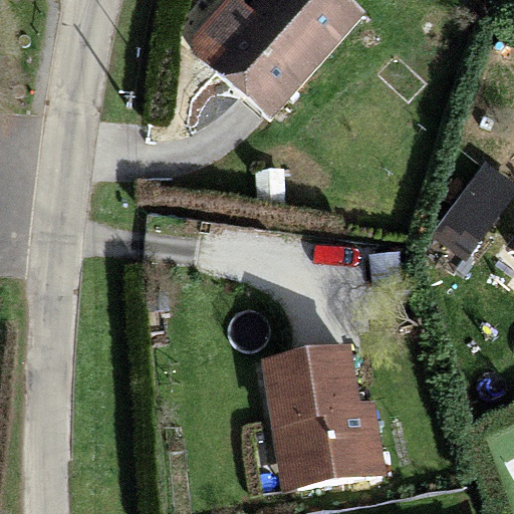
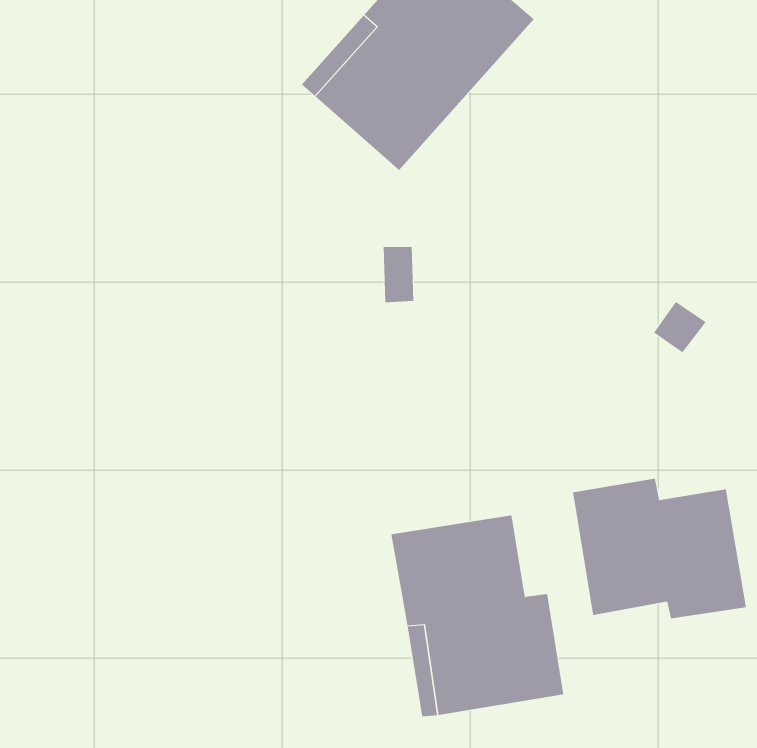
building: none -> [573,478,747,619]

